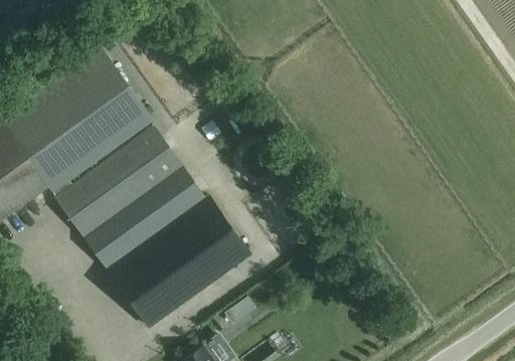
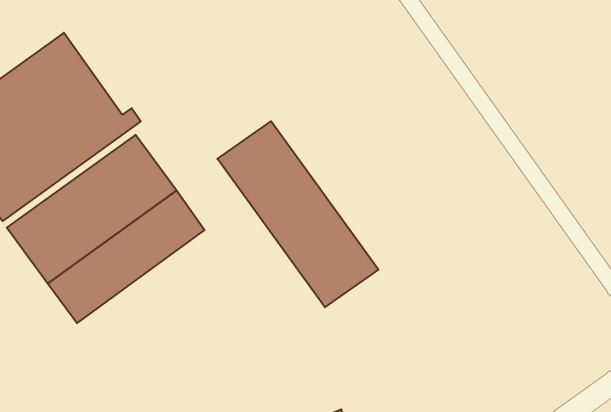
building: none -> [217,121,378,307]
building: [108,195,250,327] -> none

